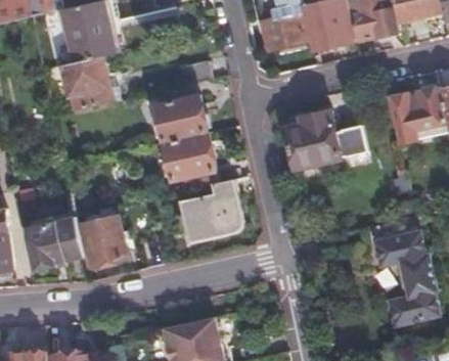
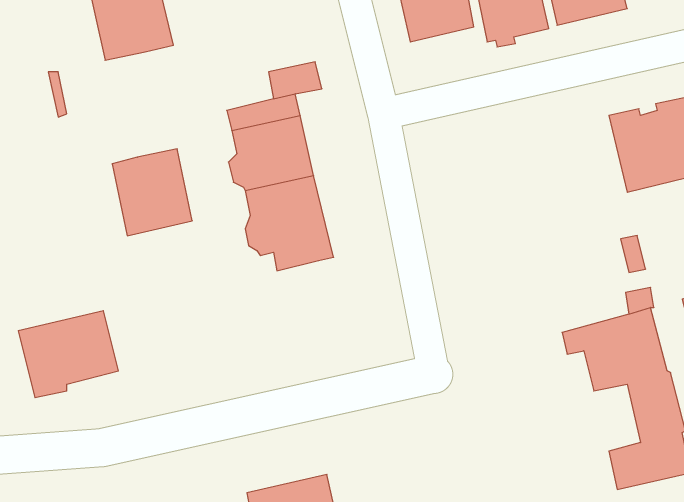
building: [63,57,113,110] -> [112,149,192,236]
building: [286,105,357,165] -> none
building: [177,180,241,242] -> none
building: [83,216,128,268] -> none

